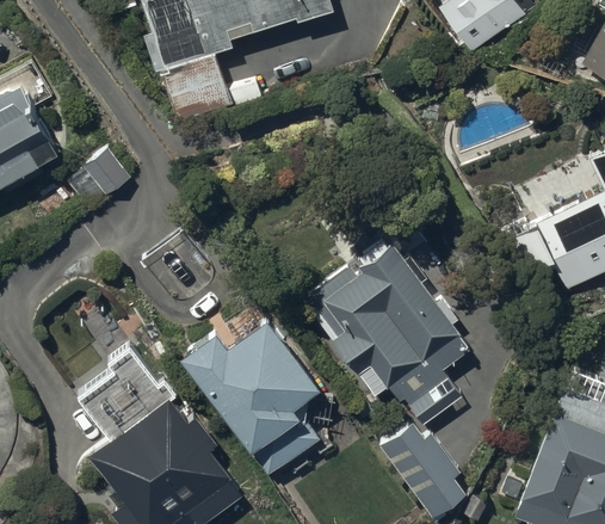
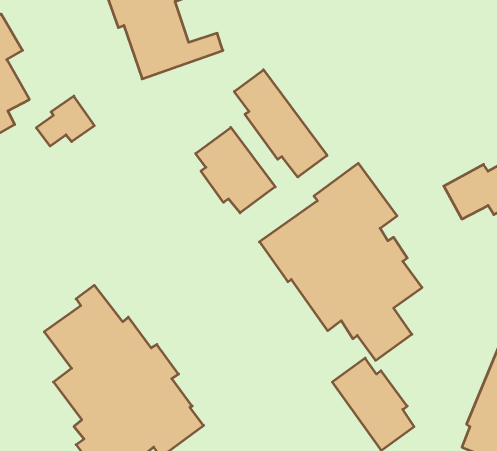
building: none -> [234,70,327,177]
building: none -> [196,127,275,213]
building: [179,303,325,476] -> none

